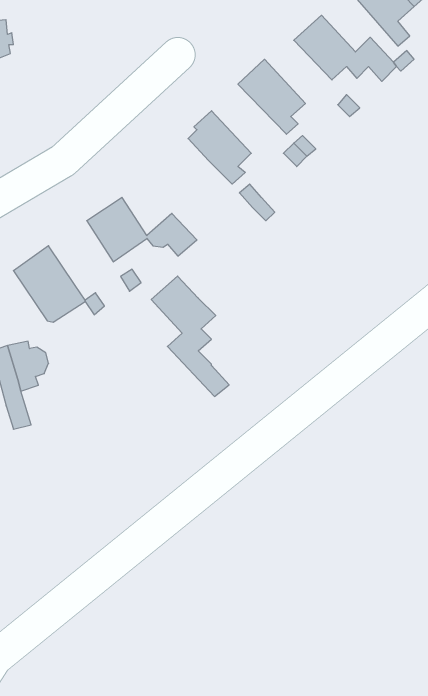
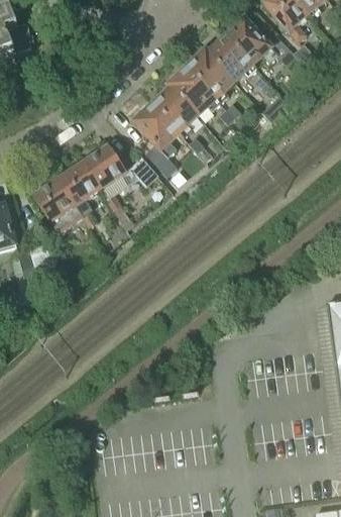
building: none -> [206,36,252,80]
building: none -> [168,67,221,114]
building: none -> [58,161,102,205]
building: [151,276,229,396] -> [135,104,189,187]

